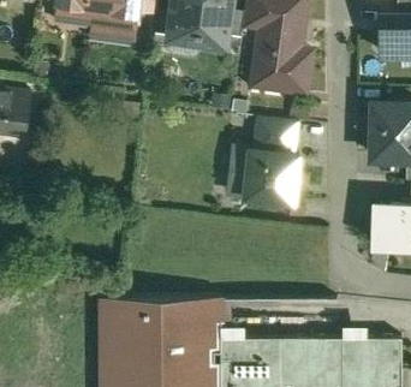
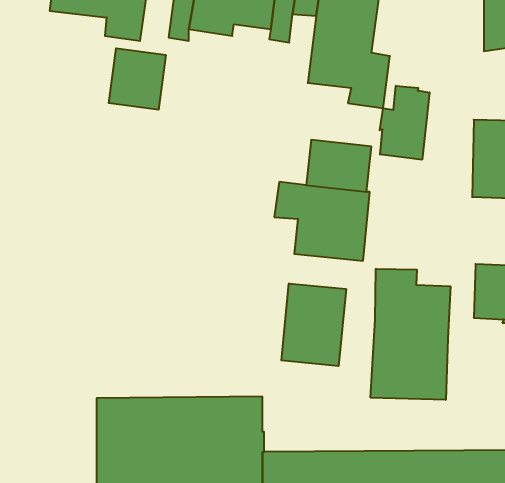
building: none -> [109,48,166,110]
building: none -> [380,86,430,160]
building: none -> [371,269,450,400]
building: none -> [281,283,346,366]

